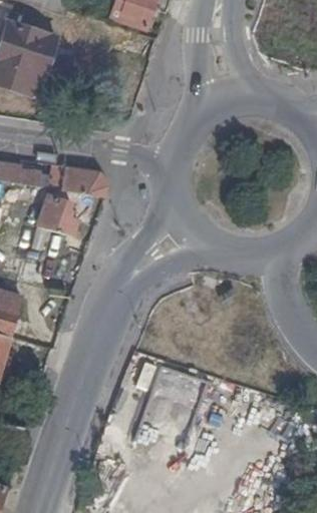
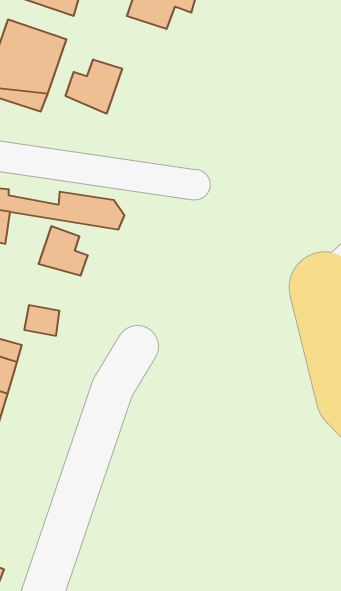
building: none -> [66,59,122,114]

